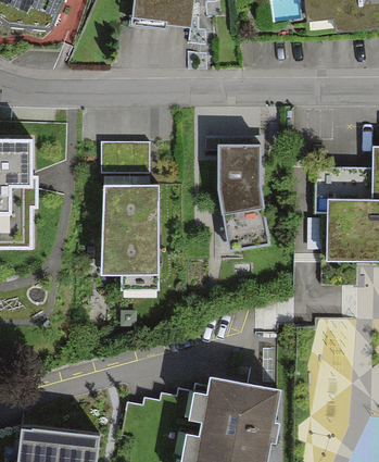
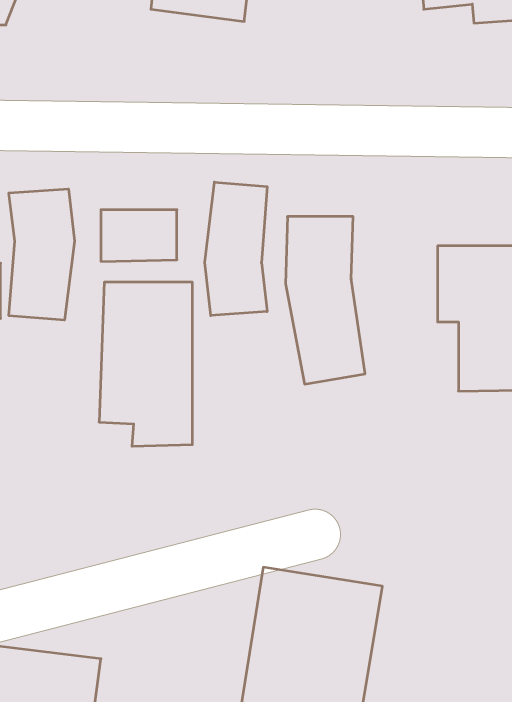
building: none -> [205,182,267,316]
building: none -> [9,189,75,320]

